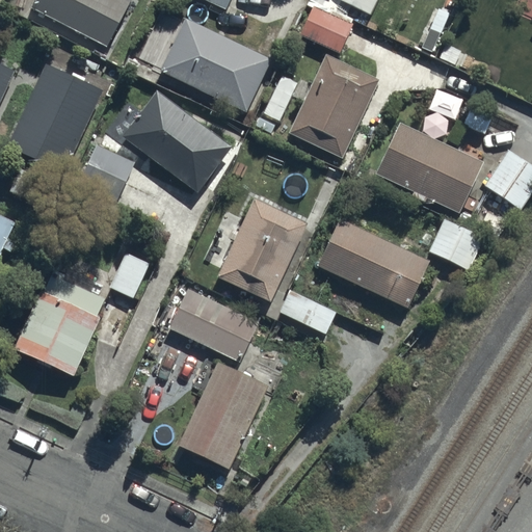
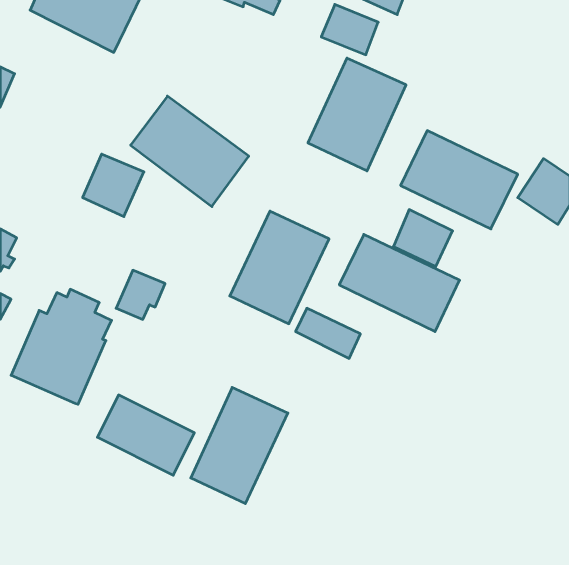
building: [159,17,272,111] -> none
building: [7,64,103,172] -> none
building: [429,215,484,268] -> [393,210,453,267]
building: [169,287,260,362] -> [97,395,194,475]

